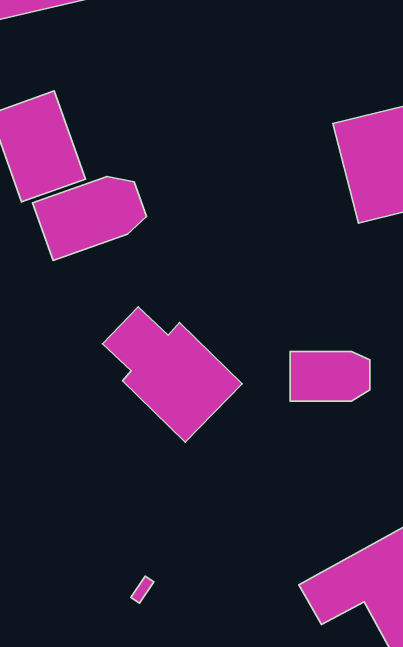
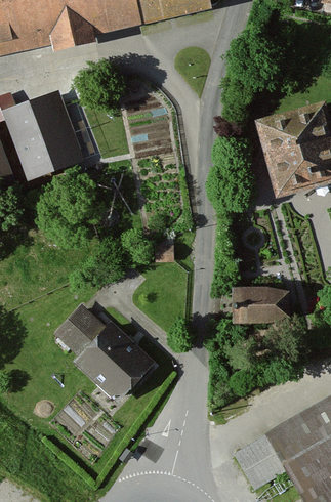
building: [33,176,146,261] -> none
building: [103,307,242,442] -> [48,309,149,407]

